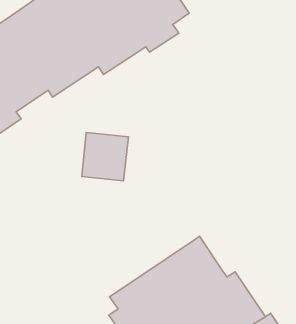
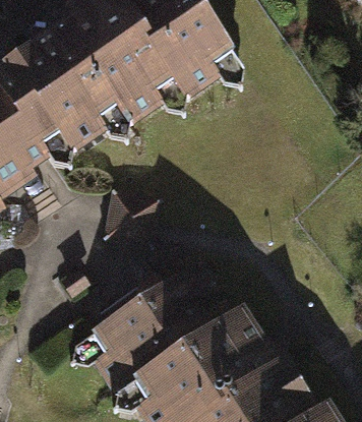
building: none -> [97,265,239,397]

